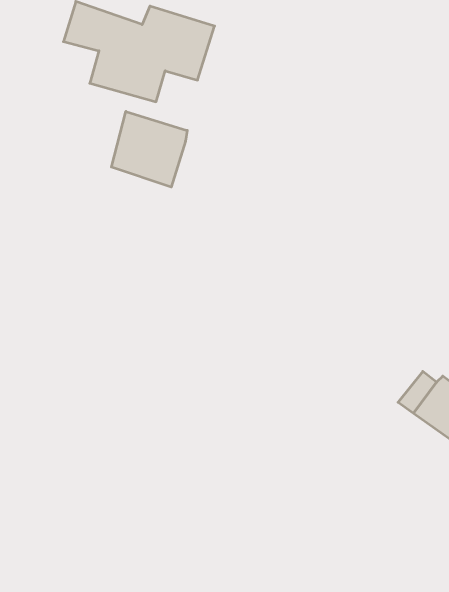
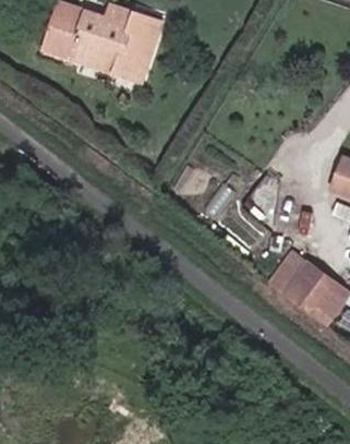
building: [111,111,187,187] -> none

